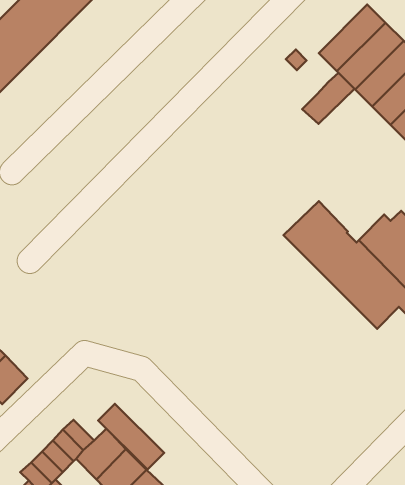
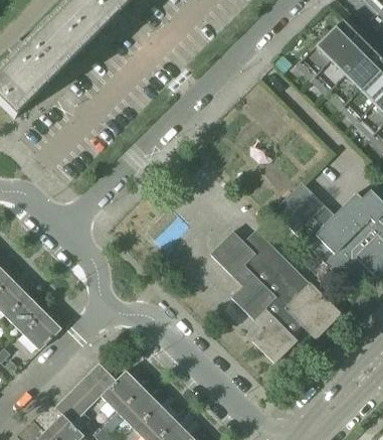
building: [302,73,355,124] -> none
building: none -> [210,231,341,362]
building: [98,404,164,469] -> none

